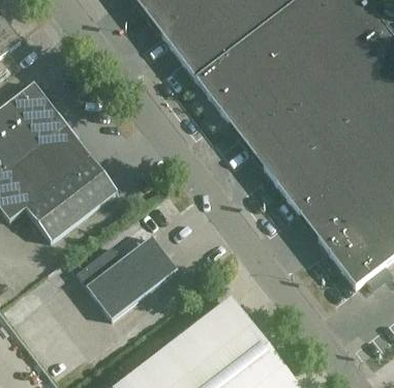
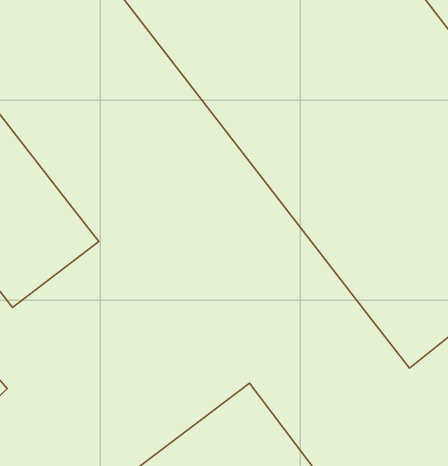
building: [75,234,177,318] -> none

